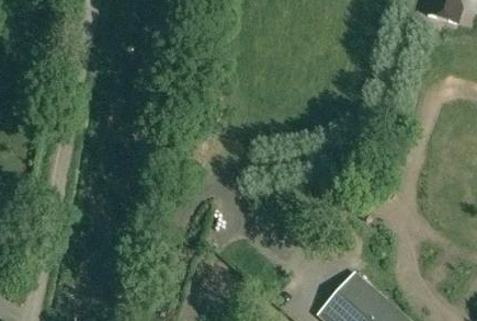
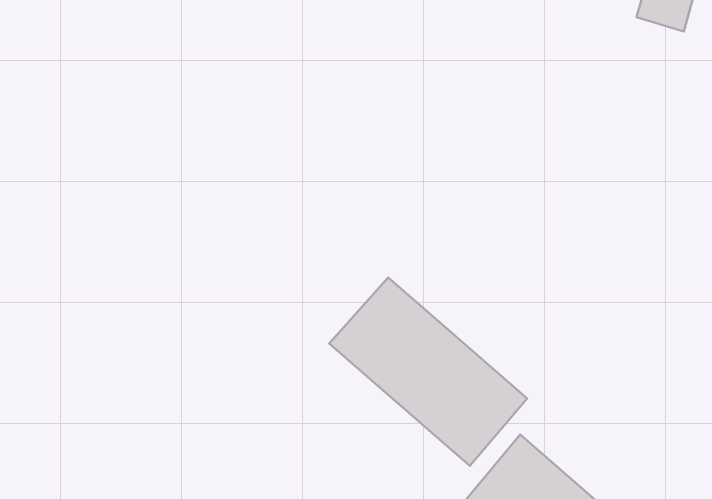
building: none -> [329,277,527,466]

